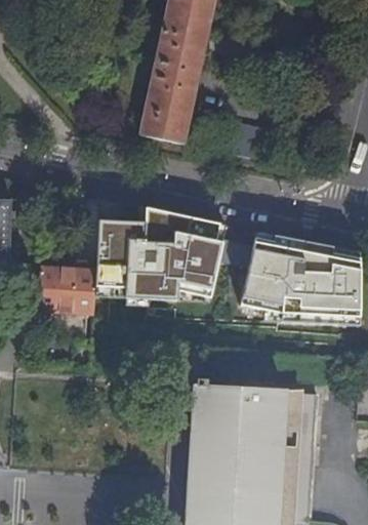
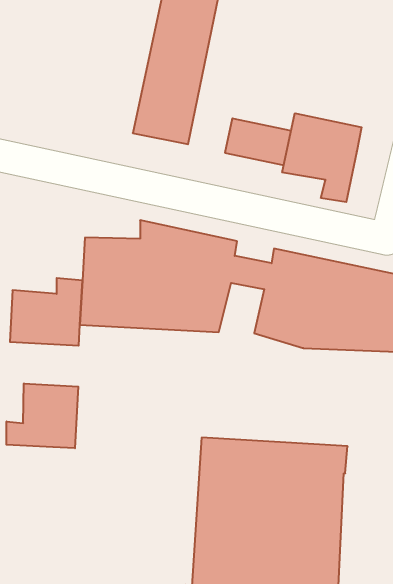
building: none -> [282,113,362,202]
building: none -> [6,383,78,448]

